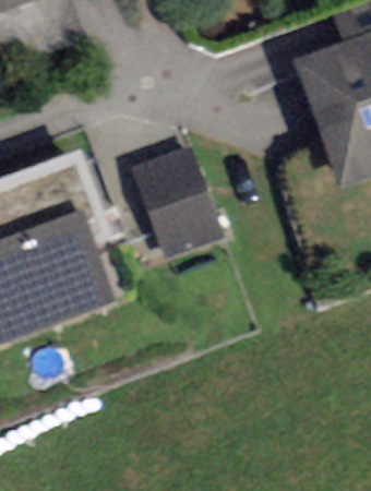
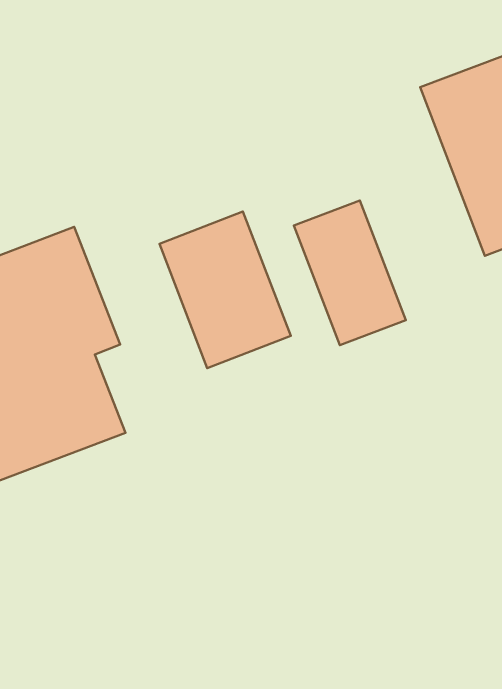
building: none -> [294,200,406,345]

